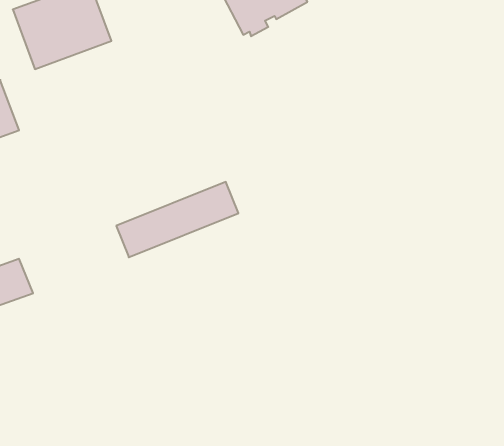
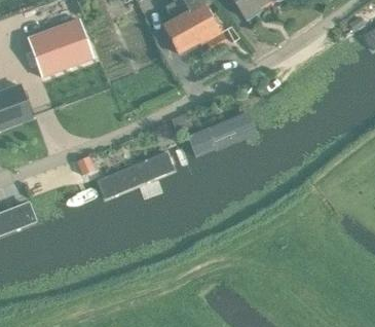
building: none -> [186,112,259,159]

